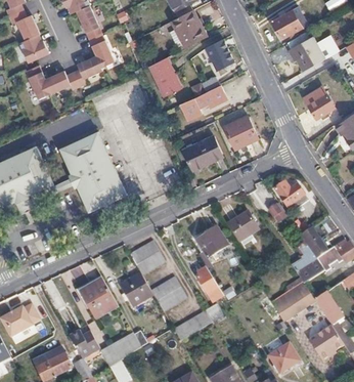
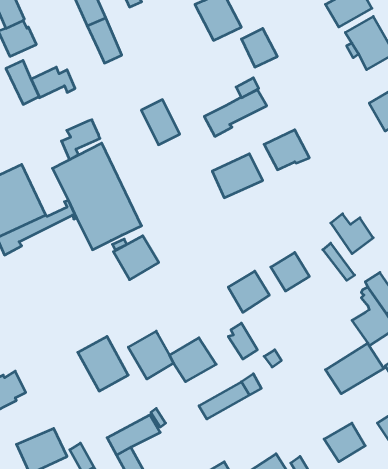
building: [72,54,101,85] -> [61,120,100,160]
building: [152,63,182,98] -> [141,100,180,145]
building: [129,240,164,273] -> [113,236,159,280]

